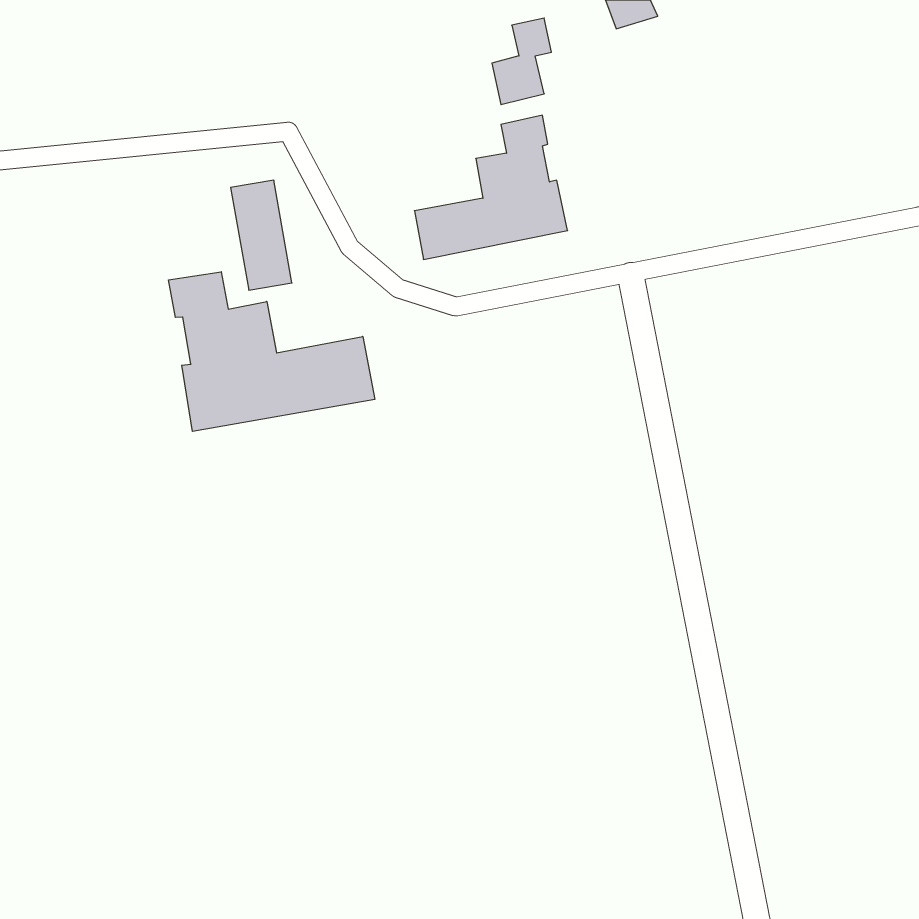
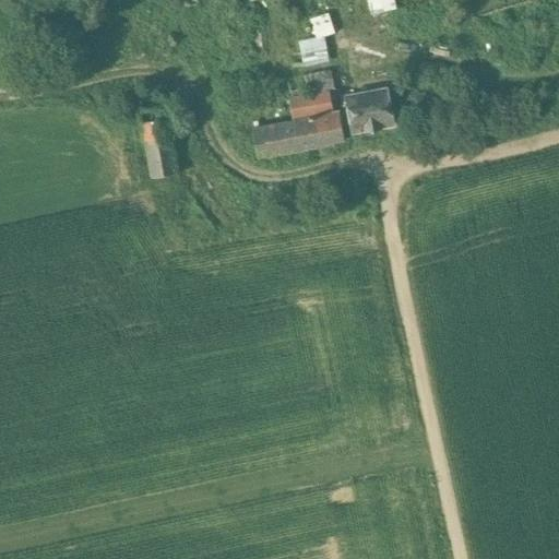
building: none -> [343,86,394,135]
building: [169,272,375,431] -> none

